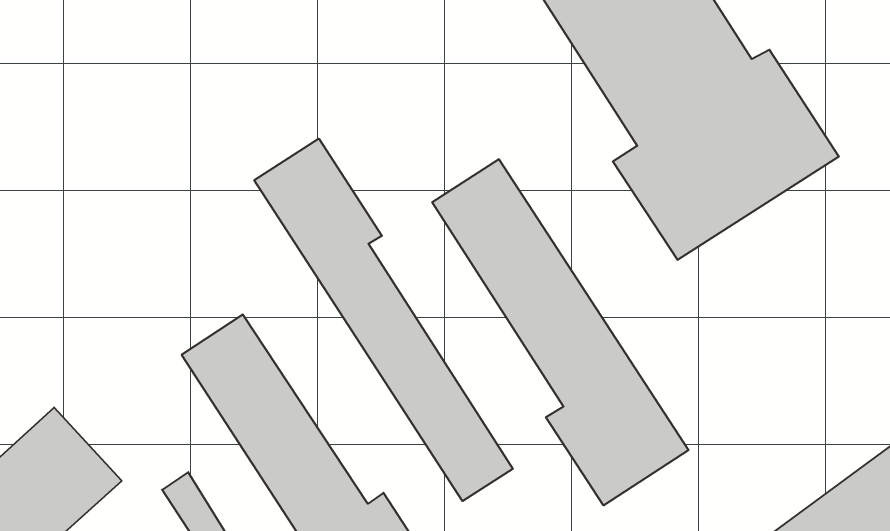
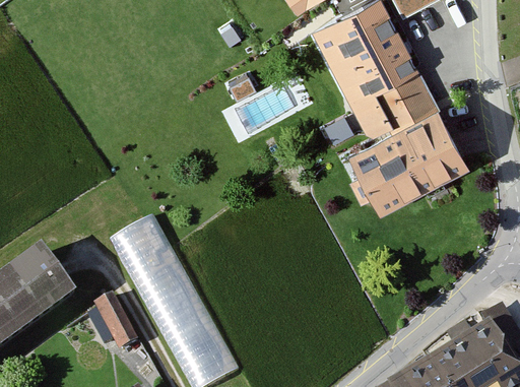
building: [254,139,513,501] -> none
building: [432,159,688,505] -> none

